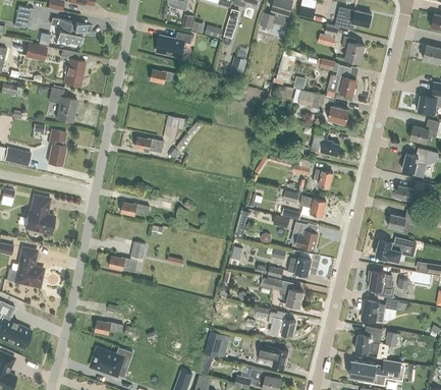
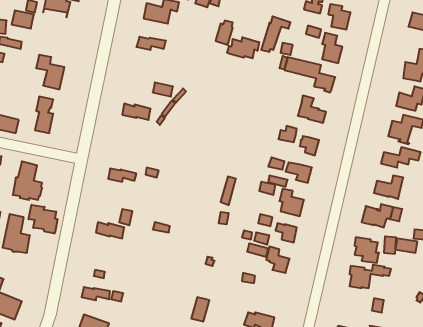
building: [60,49,85,86] -> none
building: none -> [227,37,259,58]
building: none -> [29,205,57,234]
building: [267,311,294,336] -> none
building: [354,327,381,353] -> none

